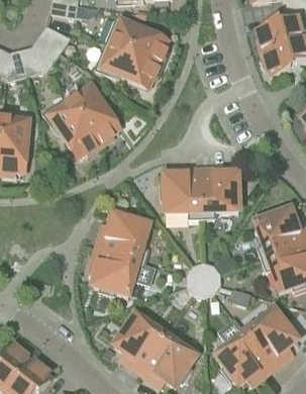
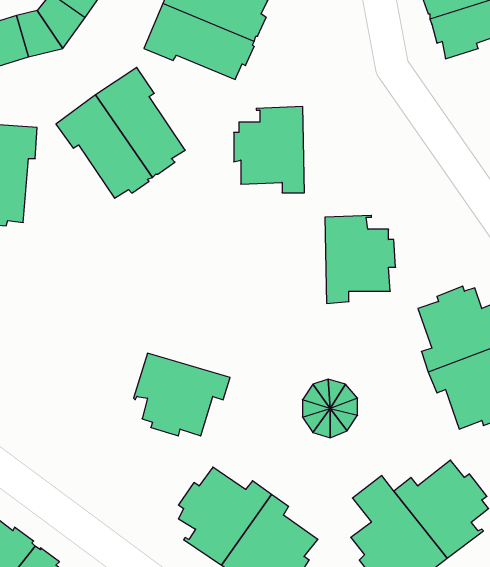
building: [160,167,201,217] -> [234,107,304,193]
building: [96,212,148,261] -> none

